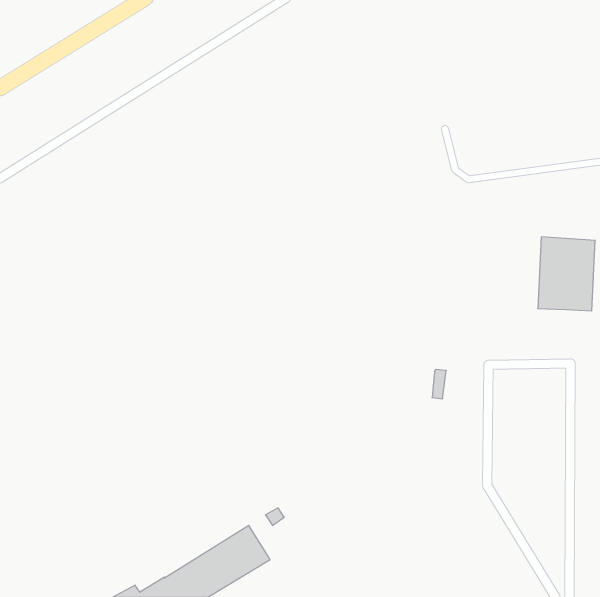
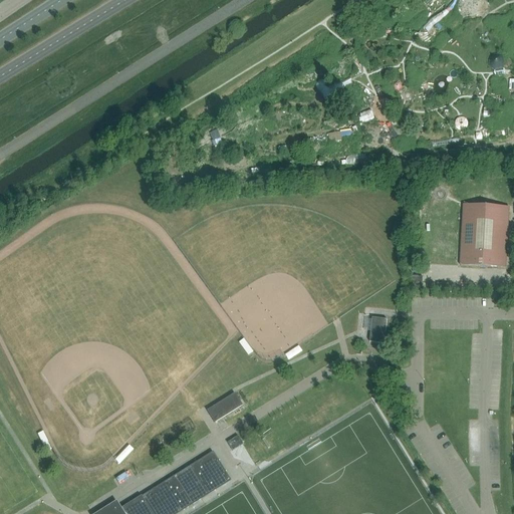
building: none -> [206,392,242,421]

